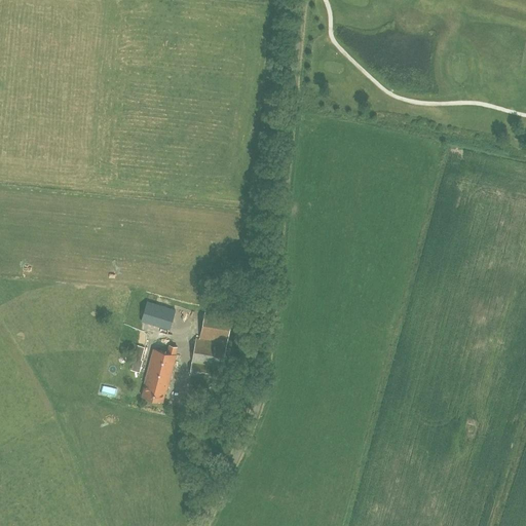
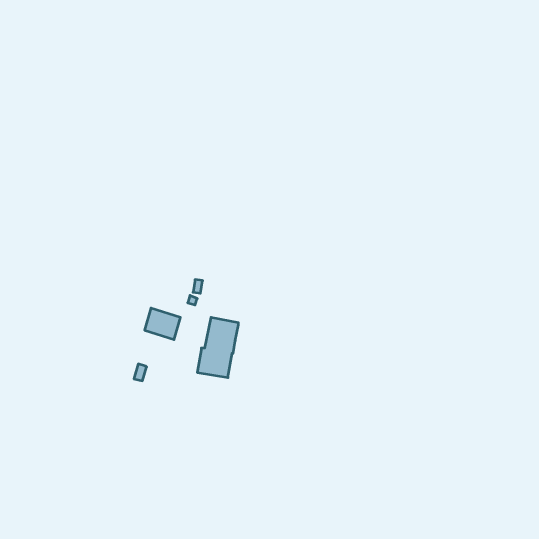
building: [142,345,177,402] -> none

